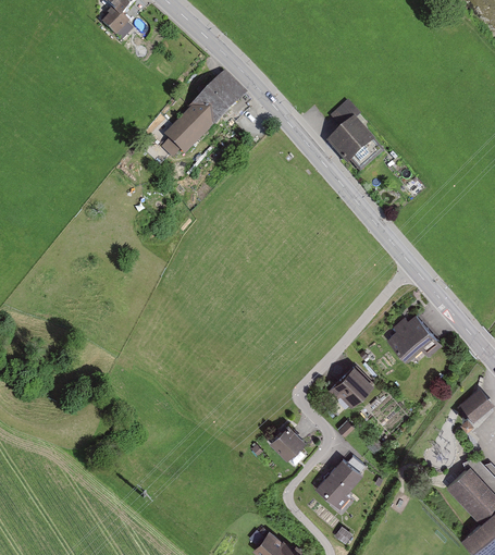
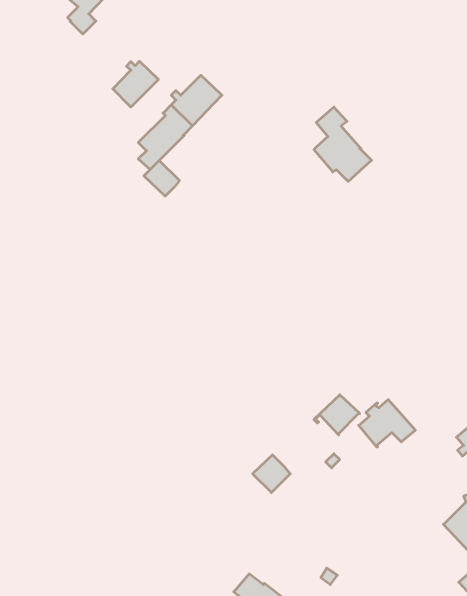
building: none -> [113,61,158,107]
building: none -> [144,160,179,196]
building: [388,316,441,359] -> [359,400,415,447]
building: [317,459,360,505] -> none

